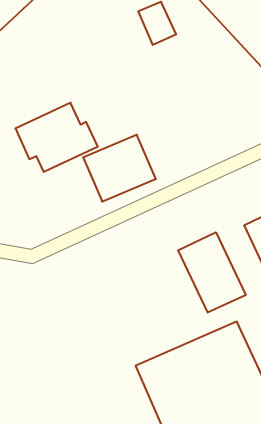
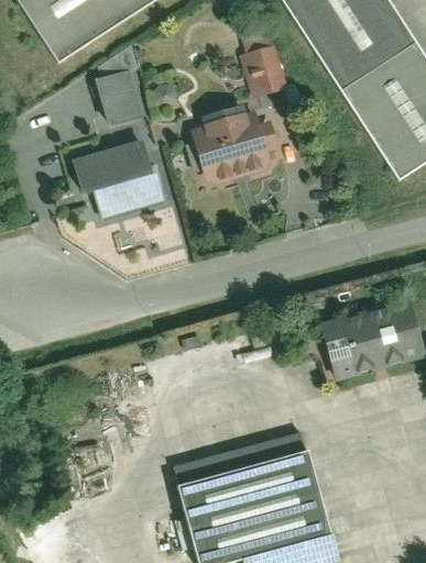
building: none -> [95,52,150,130]
building: [83,135,156,202] -> [187,112,267,183]
building: [178,232,246,313] -> none

